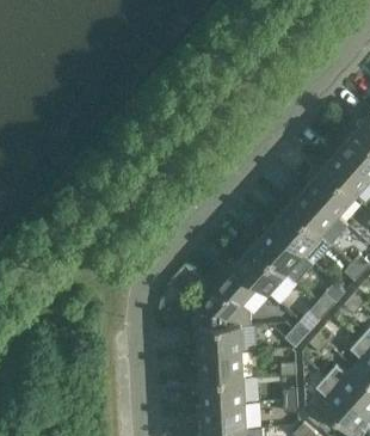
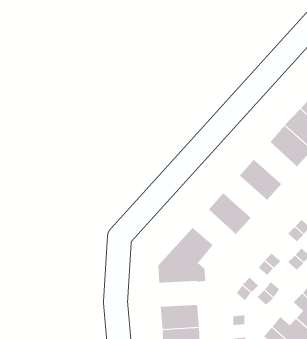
building: [306,168,354,216] -> none
building: [271,207,321,254] -> none
building: [236,245,285,294] -> none
building: [198,326,242,355] -> none

